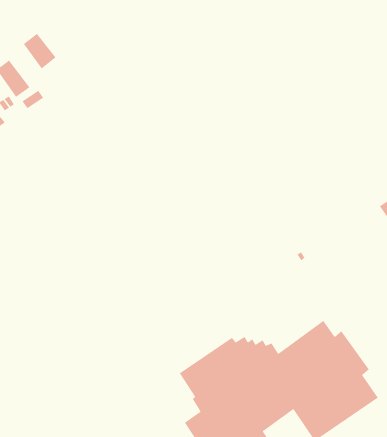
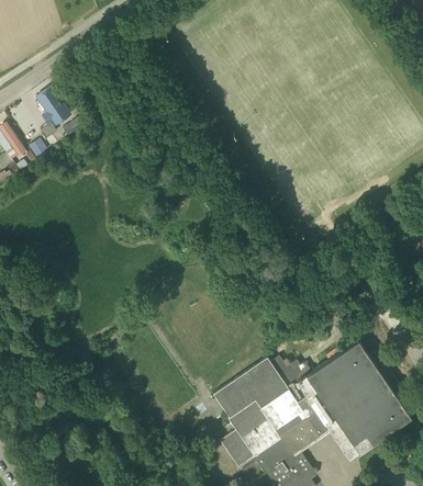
building: [23,33,57,69] -> none

